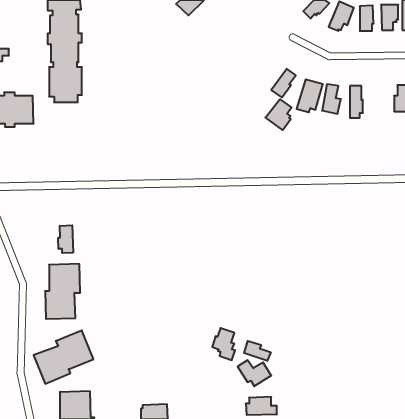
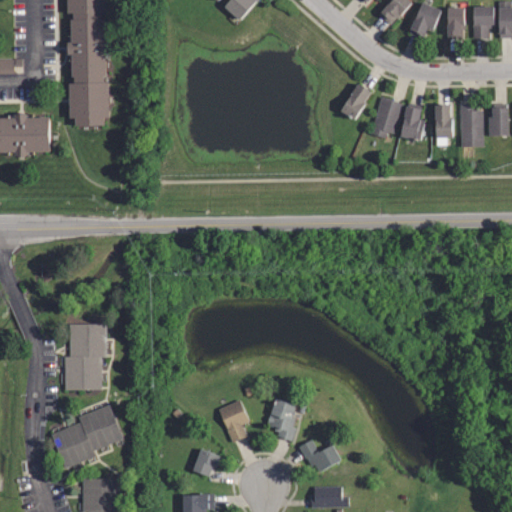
building: none -> [461,105,484,147]
building: [265,99,292,130] -> none
building: [58,225,73,253] -> none
building: none -> [217,402,246,444]
building: [244,341,271,361] -> none
building: none -> [192,448,220,477]

